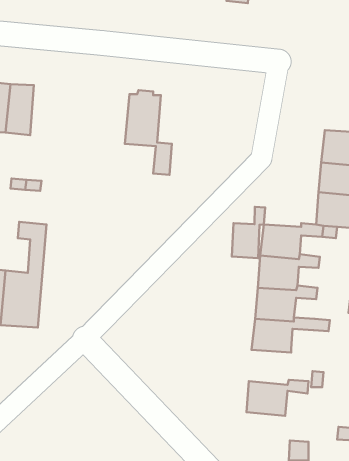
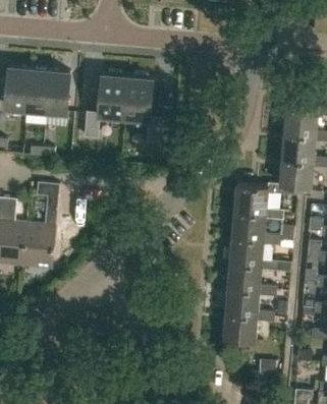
building: none -> [46,70,69,113]
building: none -> [85,72,127,138]
building: [232,207,265,258] -> none
building: none -> [225,286,276,315]

